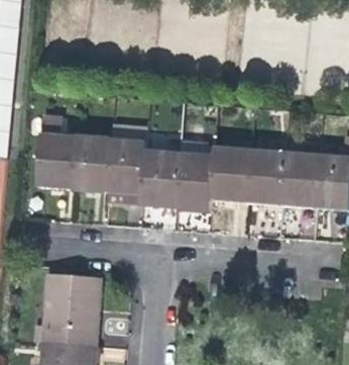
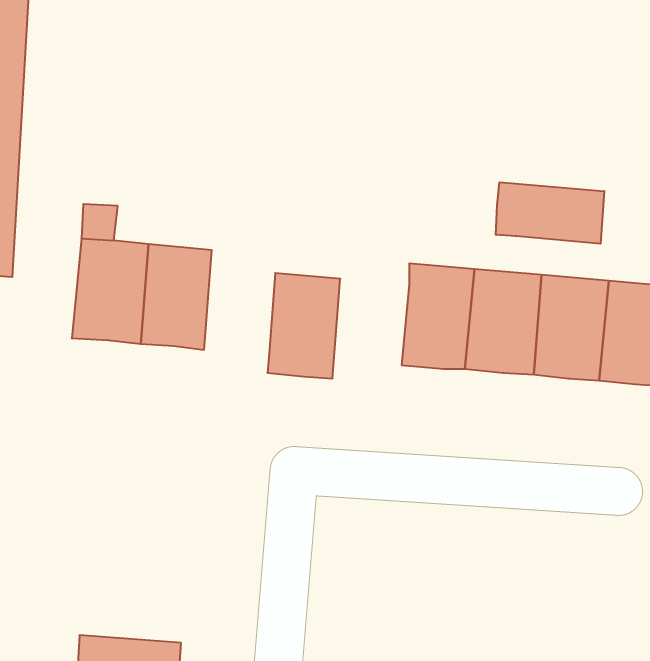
building: none -> [496,182,604,244]
building: [108,139,146,193] -> none
building: [176,154,216,209] -> none
building: [42,272,102,346] -> none

